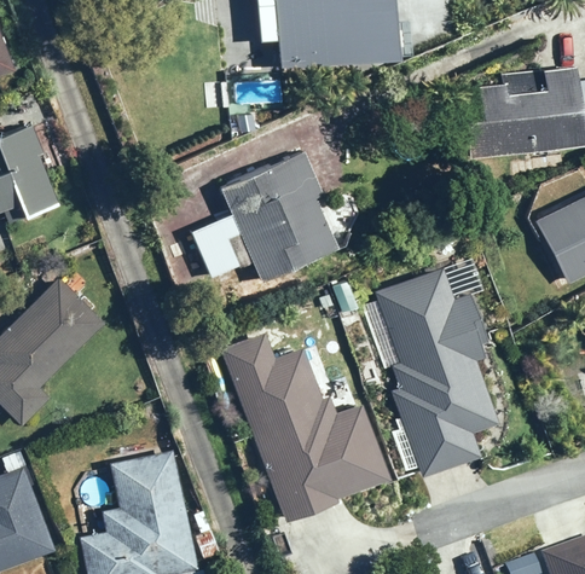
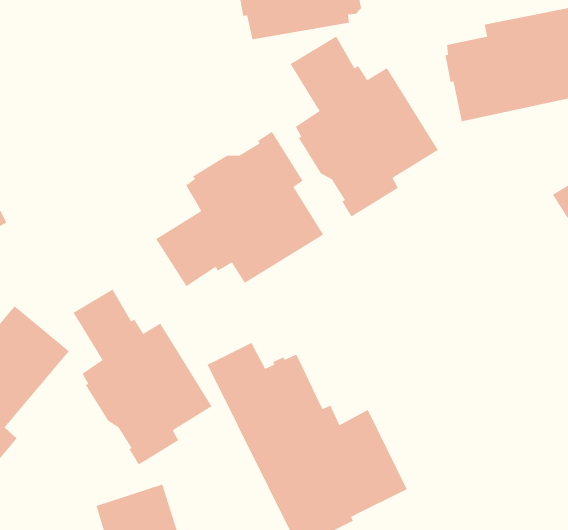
building: none -> [289,36,439,218]
building: [375,267,500,477] -> none
building: none -> [72,289,212,466]

